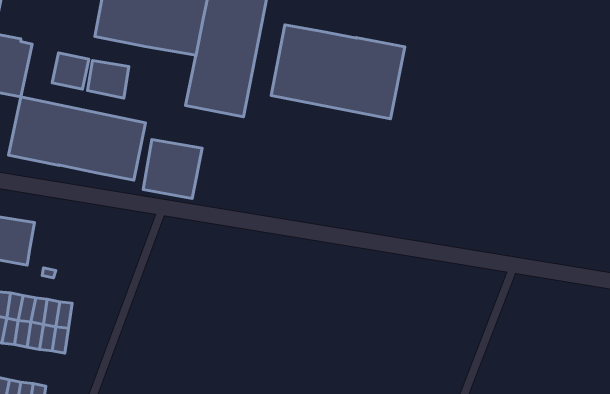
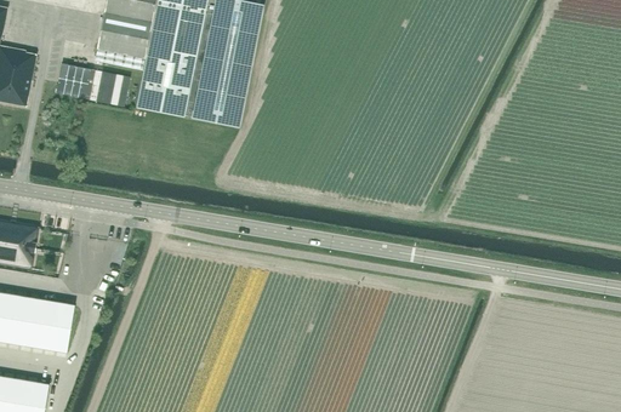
building: [271,25,405,119] -> none
building: [9,97,145,180] -> none
building: [143,139,202,198] -> [136,57,193,114]

